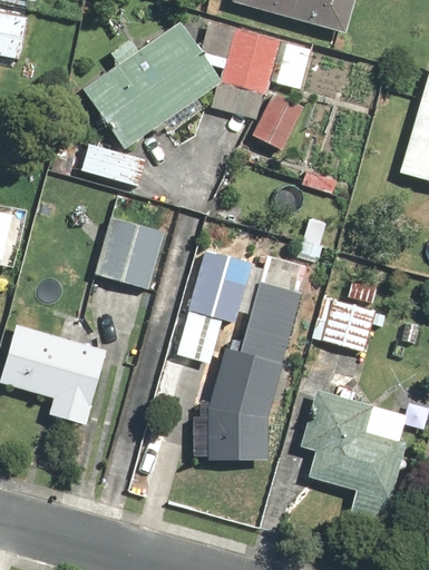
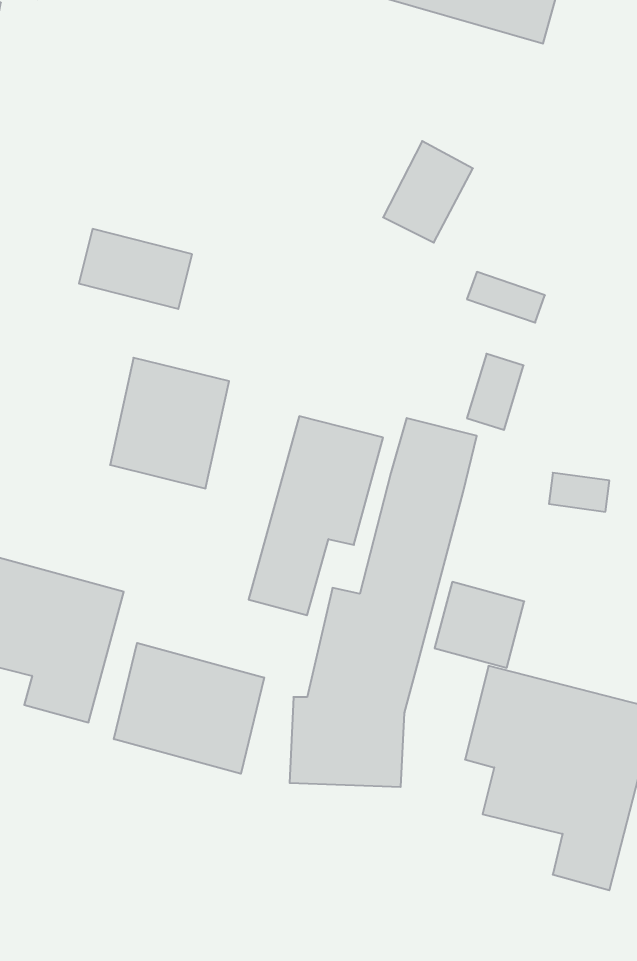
building: [84,18,318,149] -> none
building: [323,301,374,350] -> [435,582,524,668]
building: none -> [114,643,264,774]

